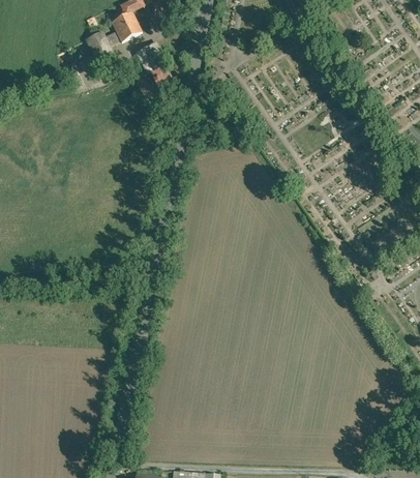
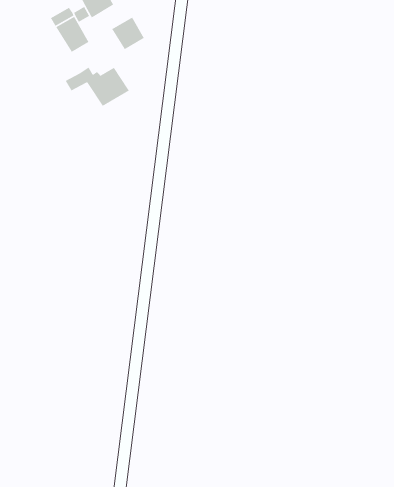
building: none -> [64,66,130,107]

